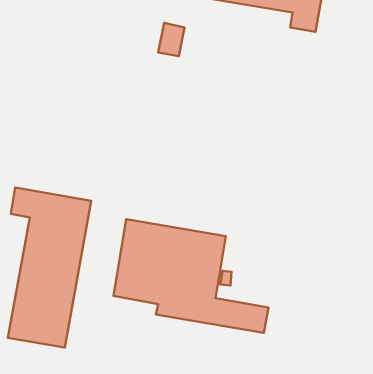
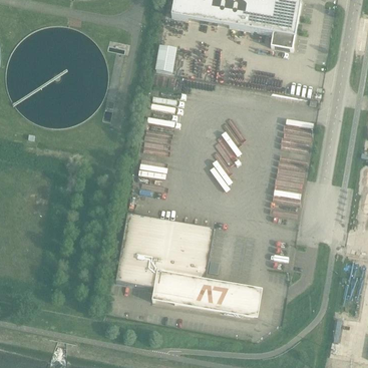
building: [8,188,91,347] -> none

